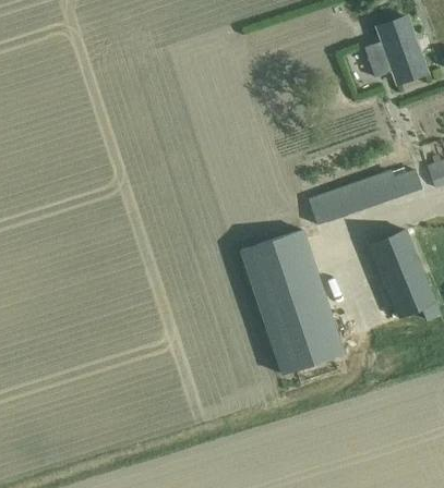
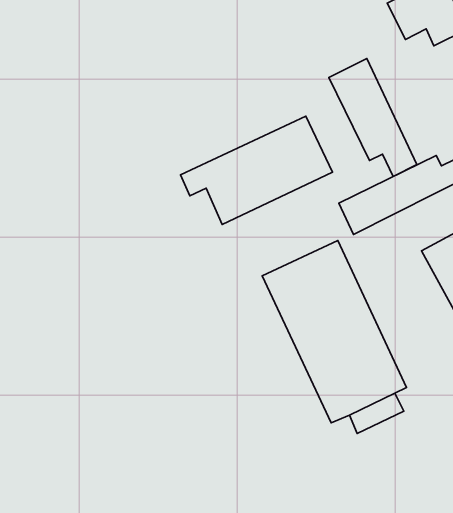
building: none -> [329,59,417,176]
building: none -> [180,116,333,225]

